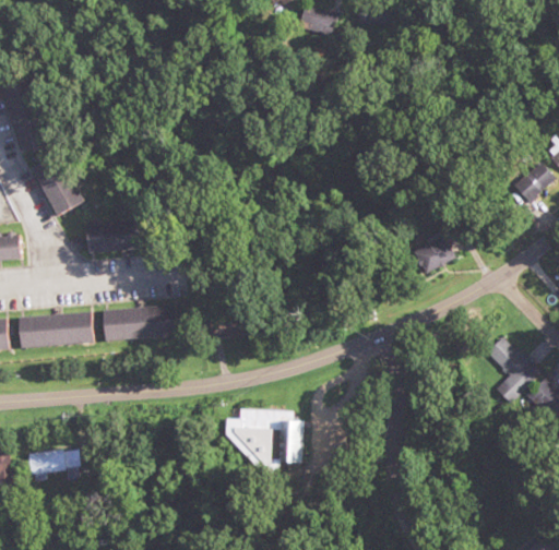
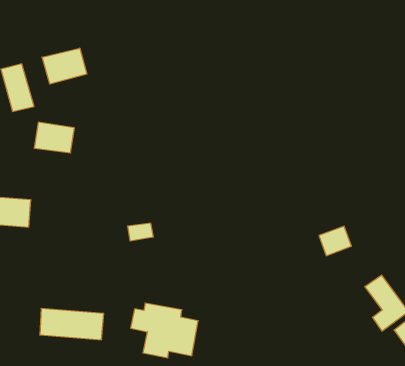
building: none -> [42,48,87,84]
building: [415,237,454,274] -> [319,226,351,256]
building: [99,304,175,340] -> [40,309,104,340]

